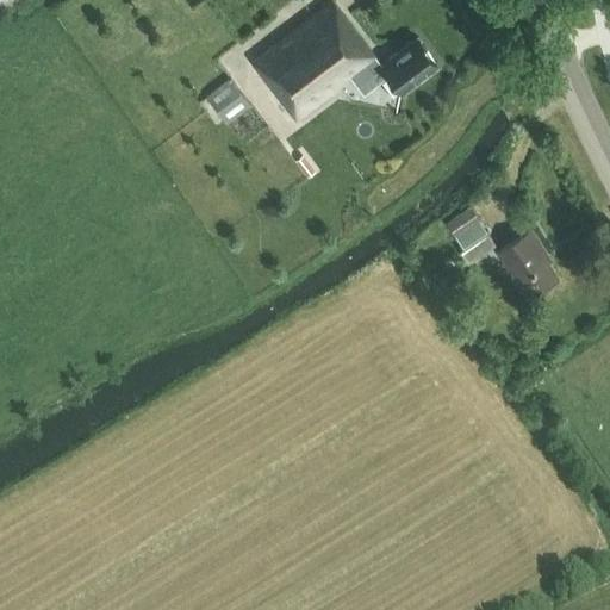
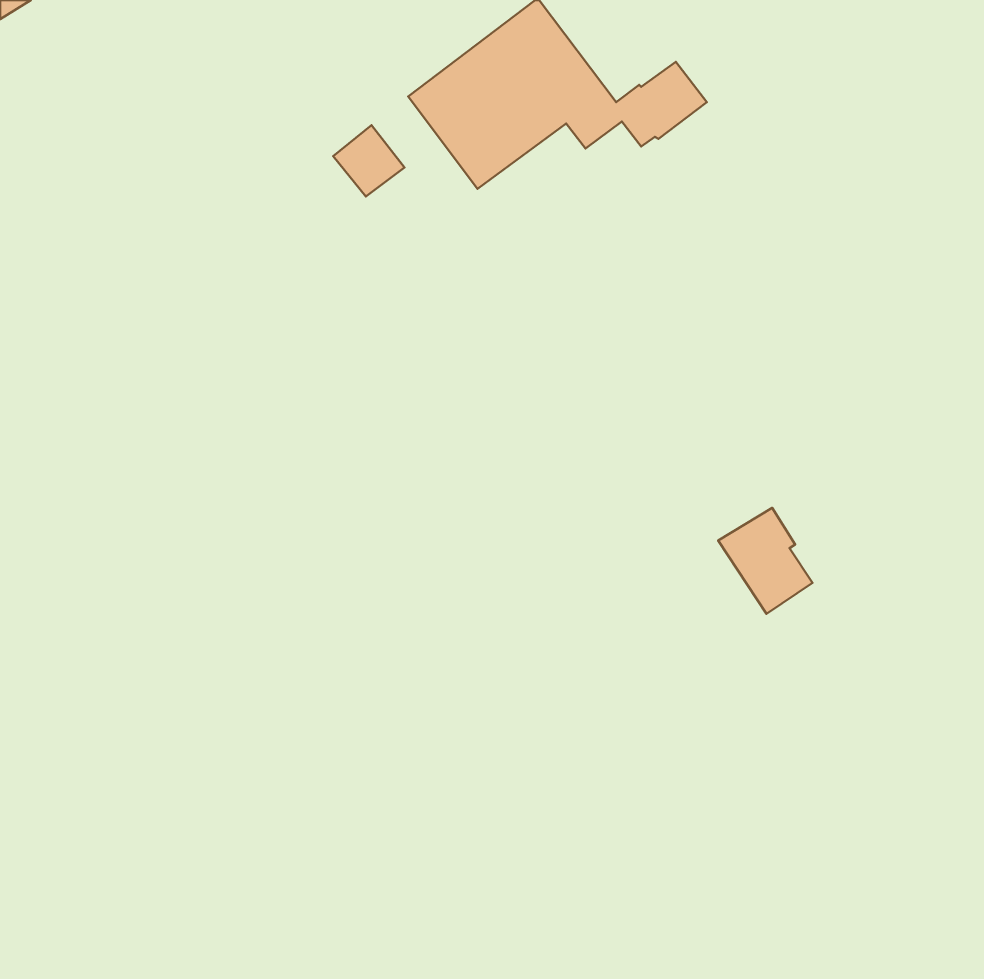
building: [444,208,494,264] -> none
building: [498,232,556,298] -> [718,508,813,614]

